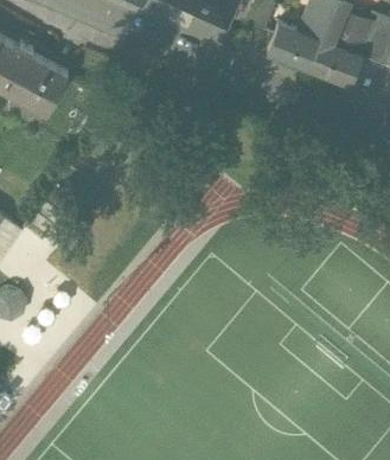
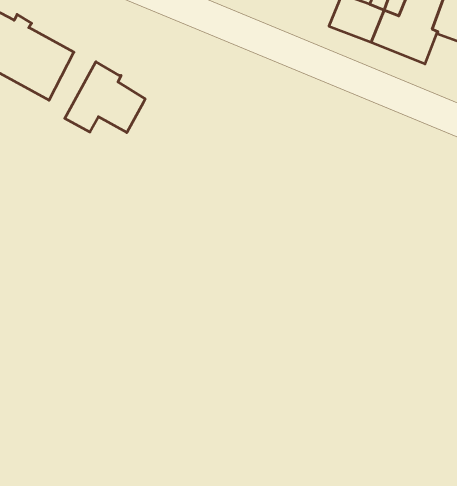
building: none -> [65,62,145,133]

